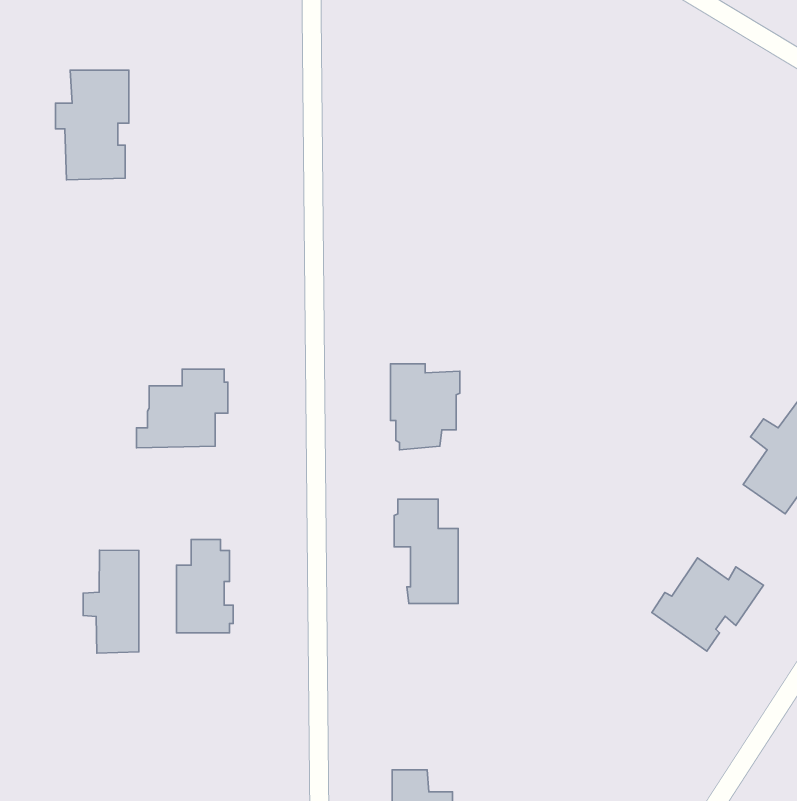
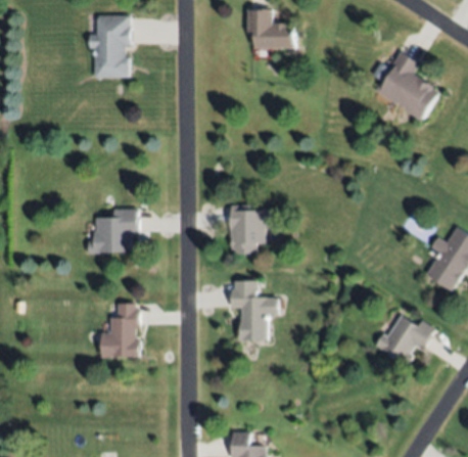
building: none -> [247,10,295,48]
building: [56,70,129,180] -> [89,16,130,78]
building: none -> [375,52,439,122]
building: [83,550,139,653] -> none

